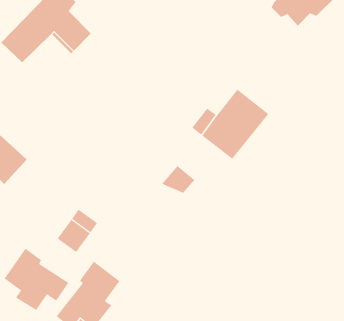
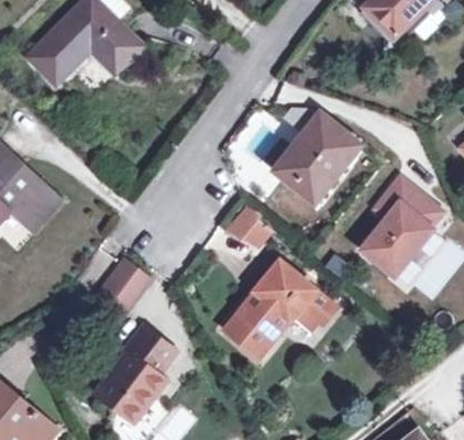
building: none -> [363,178,442,276]
building: none -> [225,261,335,358]
building: [4,248,69,311] -> none

